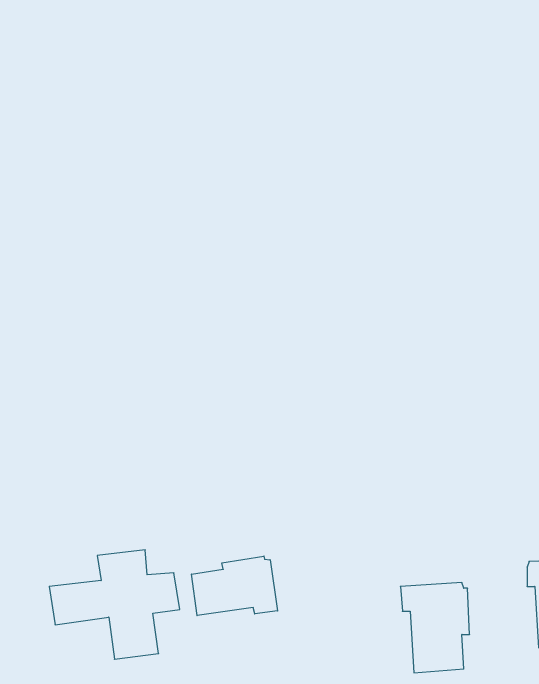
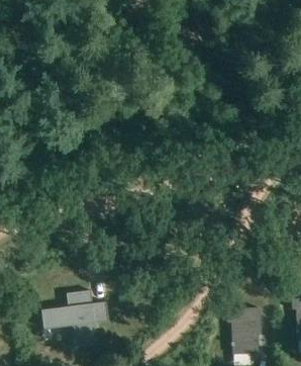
building: [192,556,278,616] -> none

